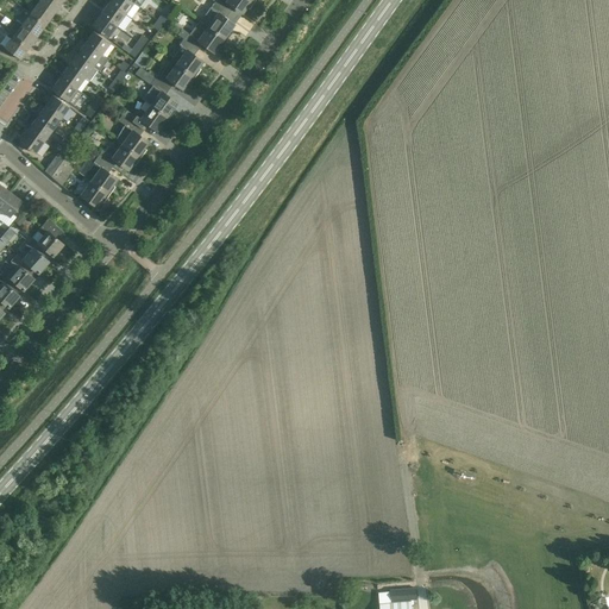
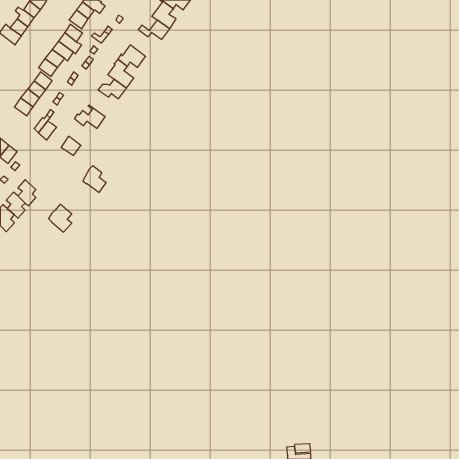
building: [172,39,202,75] -> none
building: [118,114,147,155] -> none
building: [86,157,117,193] -> [83,166,106,193]
building: [33,219,64,256] -> [48,204,72,232]

